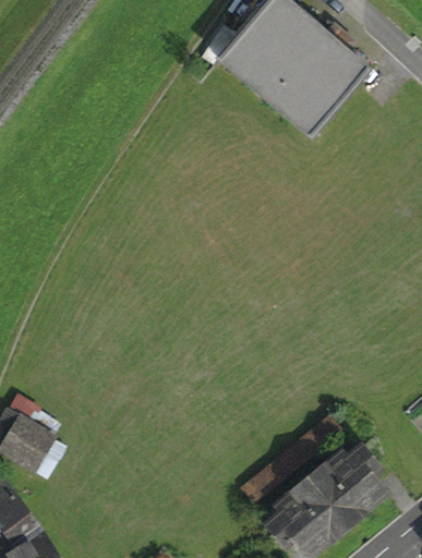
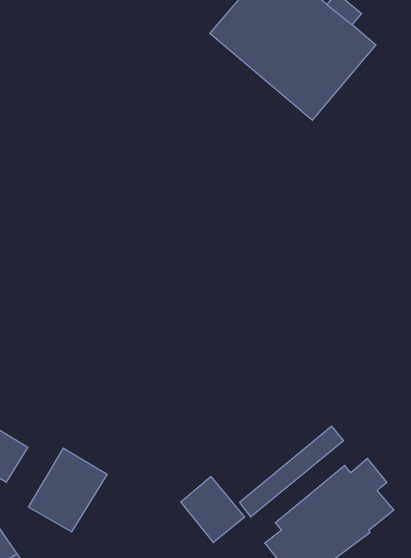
building: none -> [29,448,107,532]
building: none -> [181,477,245,543]

